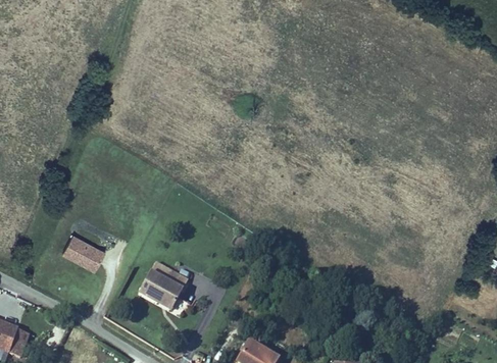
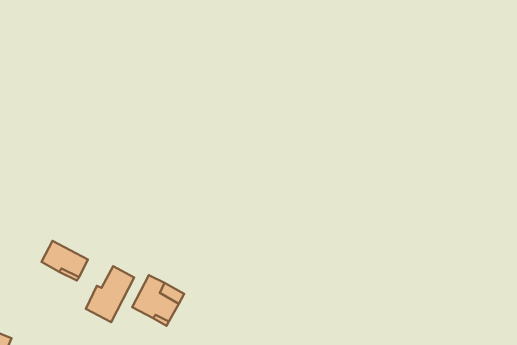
building: none -> [86,266,134,322]

